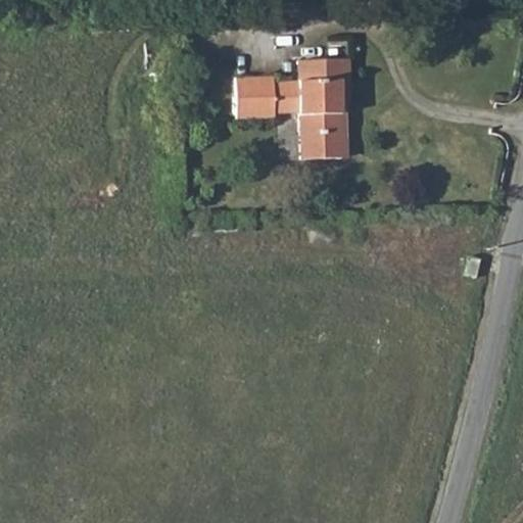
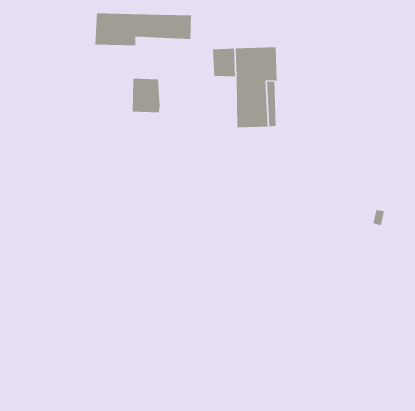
building: none -> [95,13,192,46]
building: [235,69,271,112] -> [132,78,160,113]

